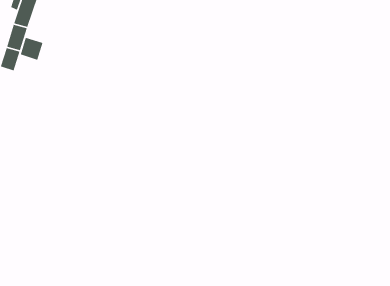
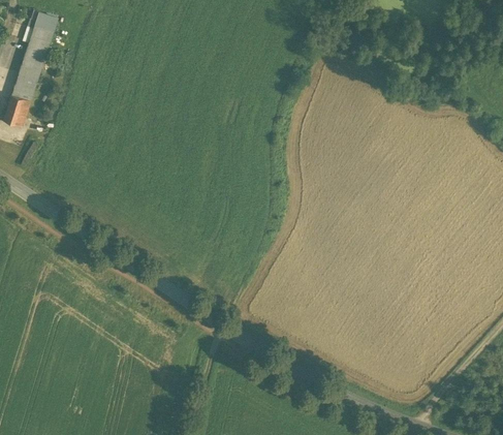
building: [20,37,43,61] -> none

